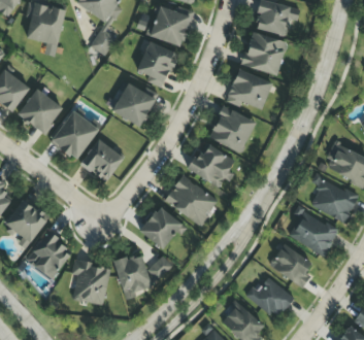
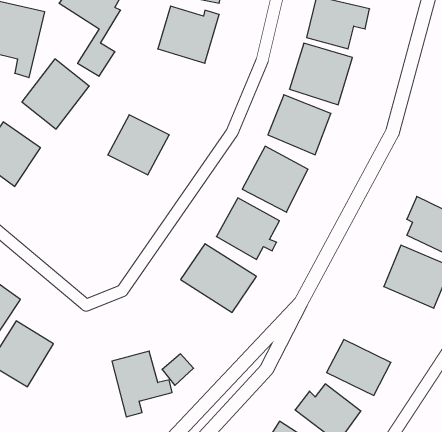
building: [136,41,177,89] -> none
building: [51,110,99,161] -> [22,59,89,129]
building: [80,139,124,182] -> none
building: [139,206,187,249] -> none
building: [289,209,339,257] -> none
building: [72,260,109,305] -> none

